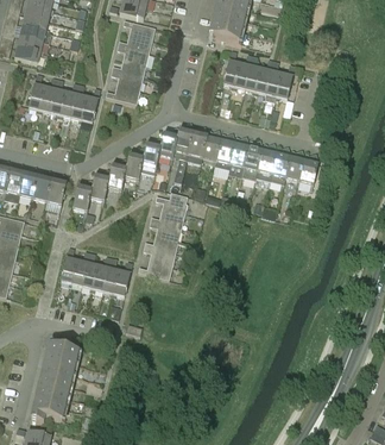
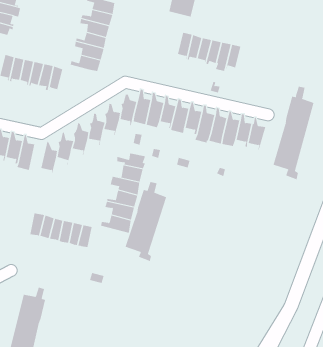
building: none -> [273,86,314,180]
building: none -> [125,181,167,262]

